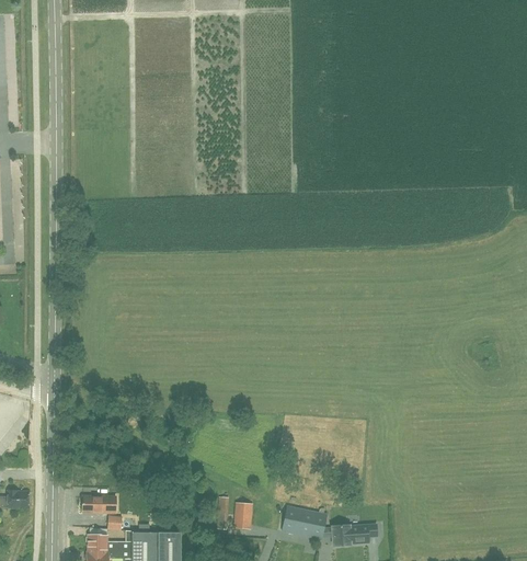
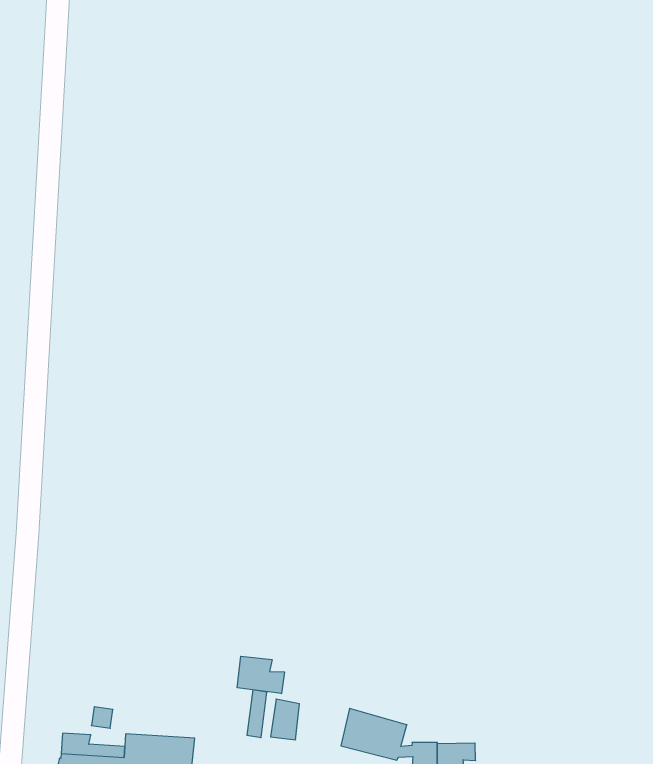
building: none -> [237,656,284,694]
building: [82,495,115,513] -> none

